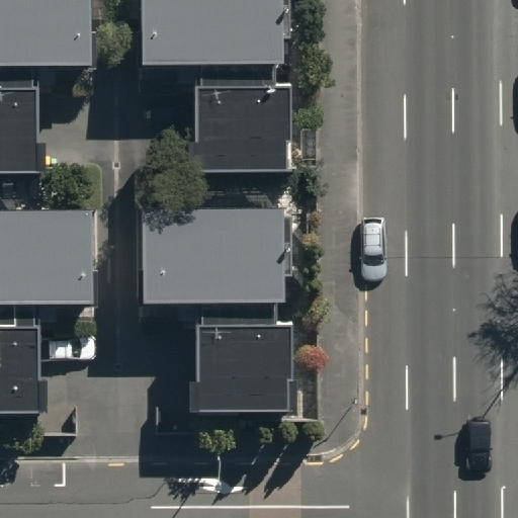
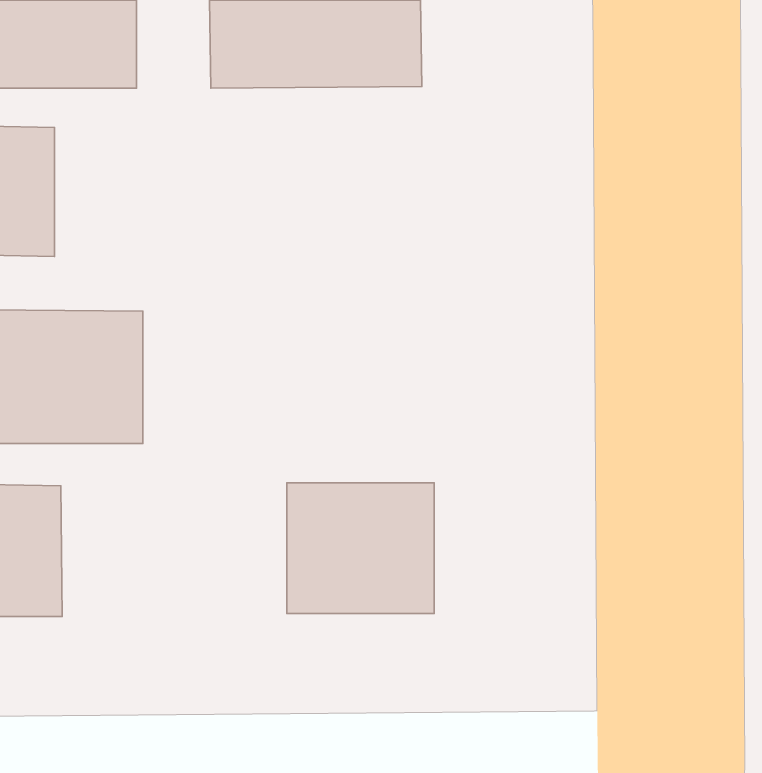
building: [193,86,287,170] -> none
building: [147,211,280,299] -> none

